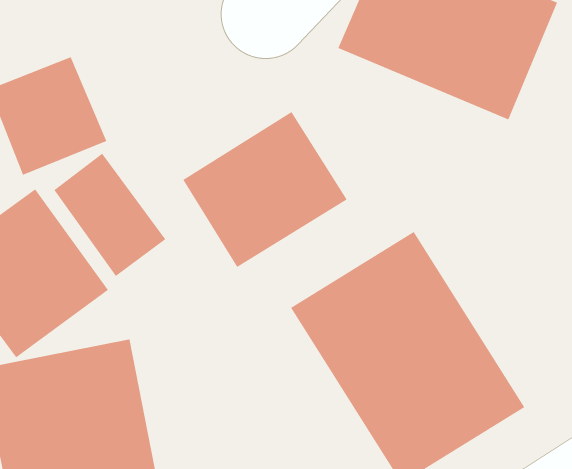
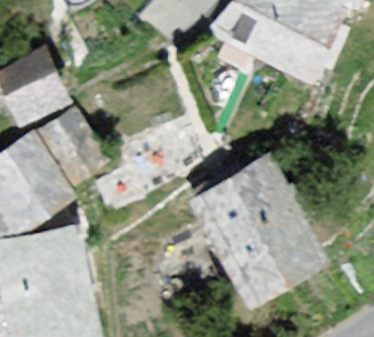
building: [183,111,348,268] -> none

